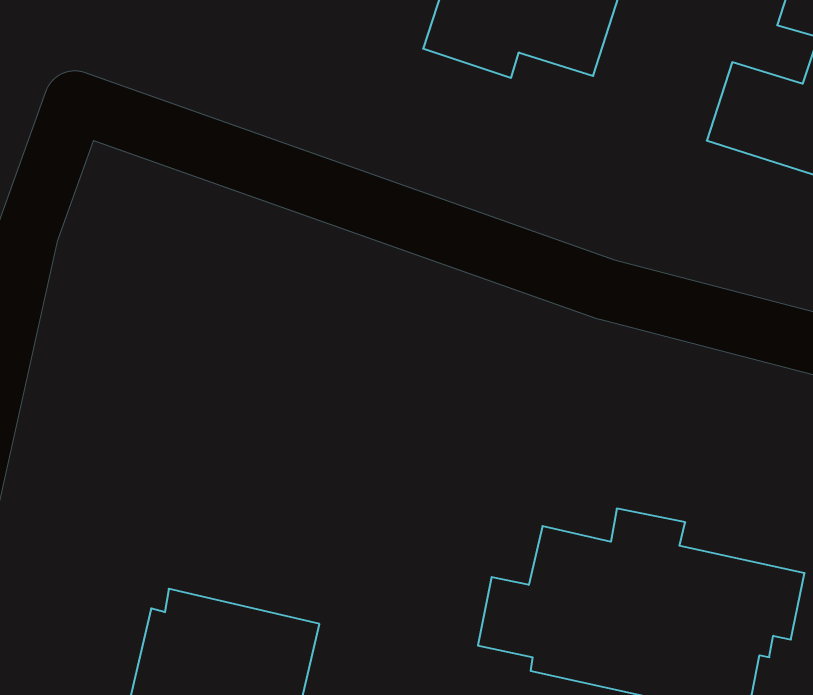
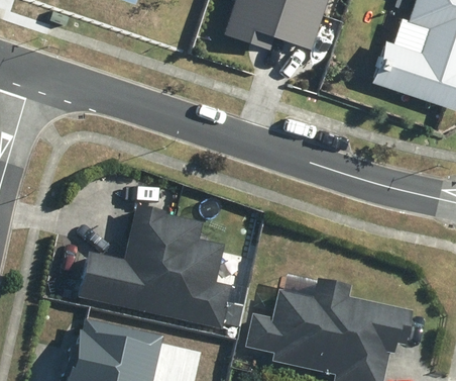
building: none -> [81,208,226,327]

